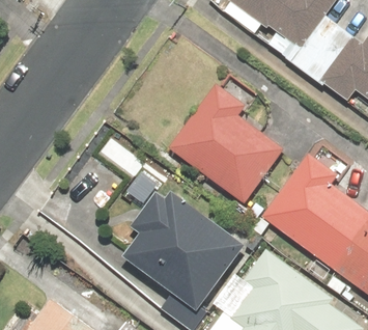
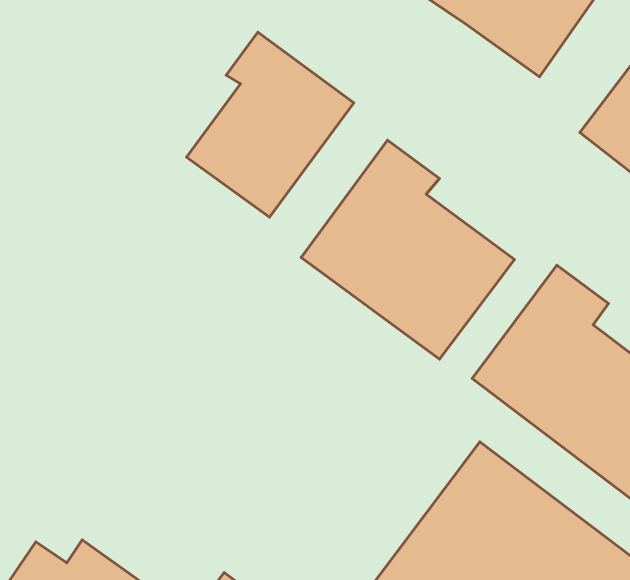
building: none -> [187,32,354,217]
building: [120,191,246,314] -> none

